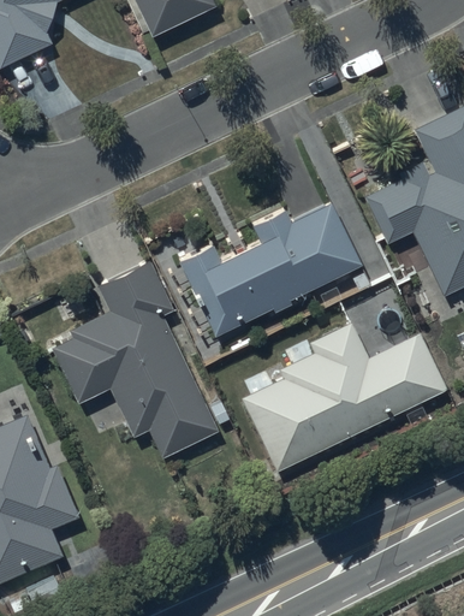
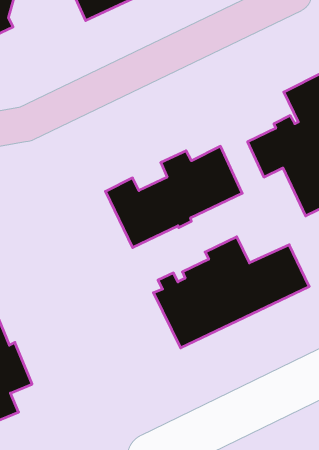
building: [50,261,220,460] -> none

